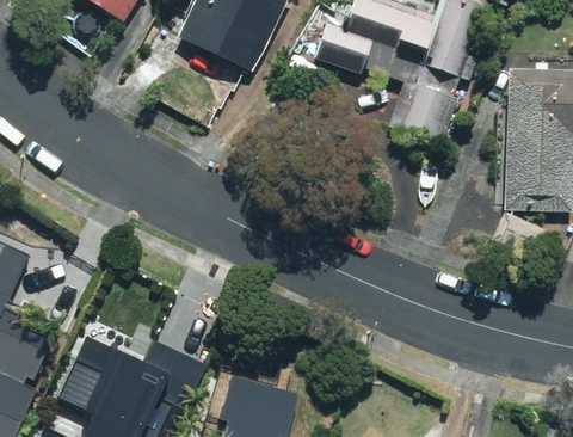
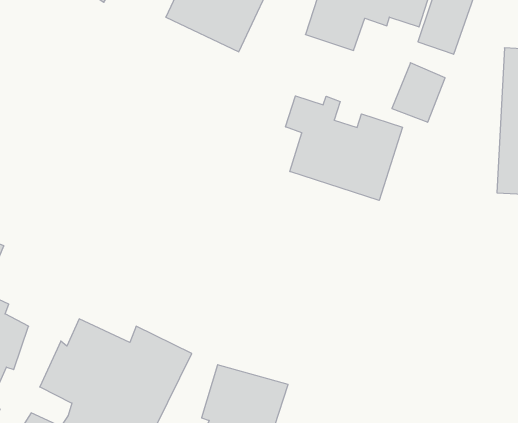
building: none -> [286,96,403,200]

